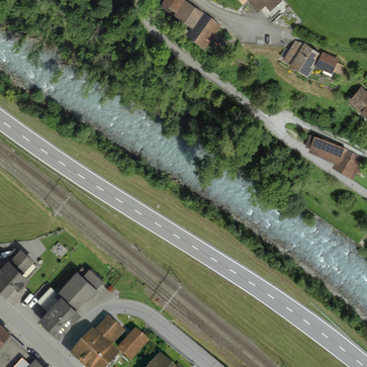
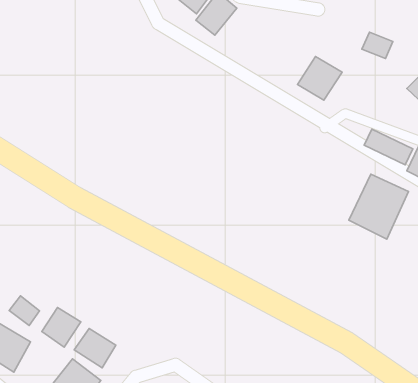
building: [279,40,315,76] -> [297,56,342,100]
building: none -> [349,174,409,239]
building: none -> [42,308,81,347]

